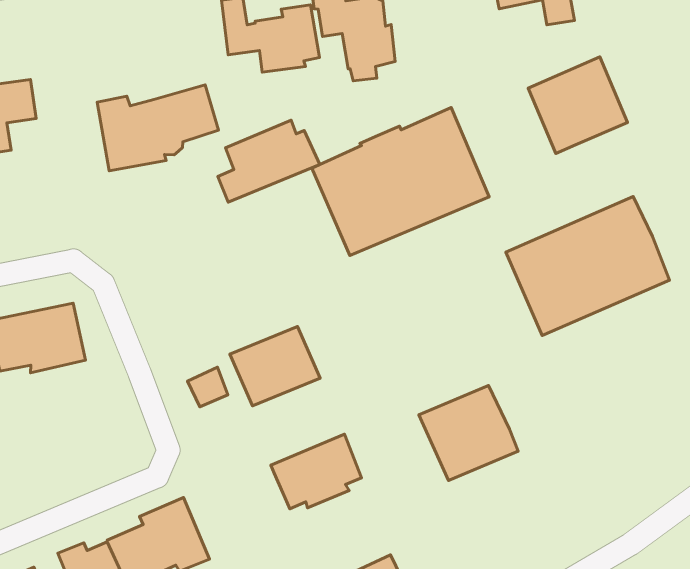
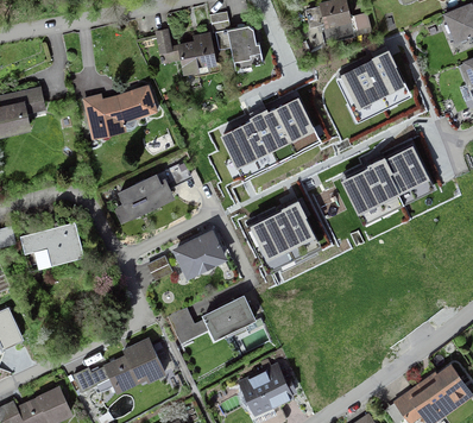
building: [218,120,320,202] -> [113,172,175,225]
building: [419,385,518,480] -> [253,207,315,266]
building: none -> [168,309,208,345]

